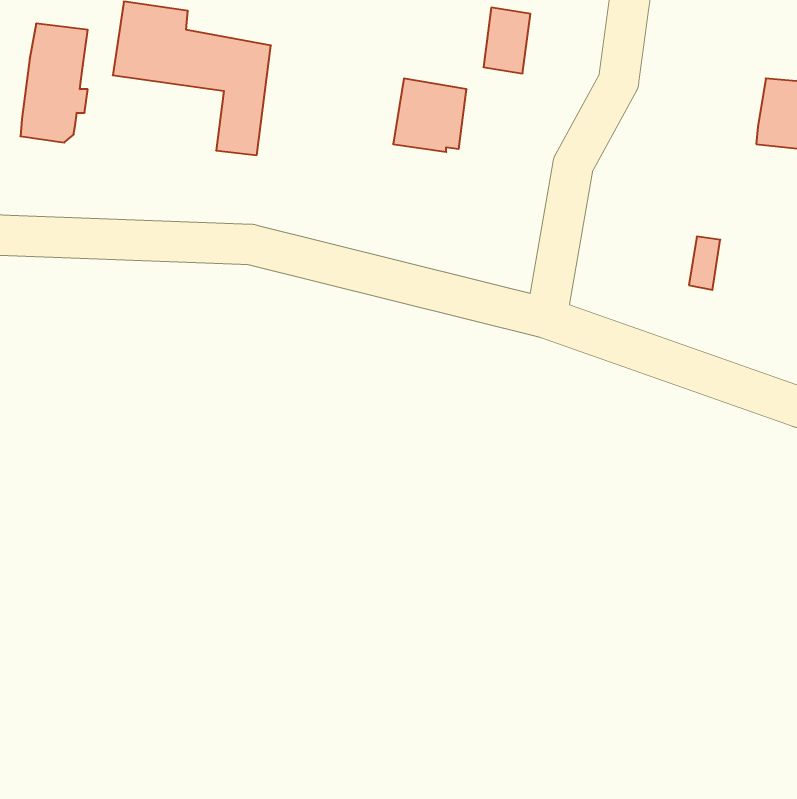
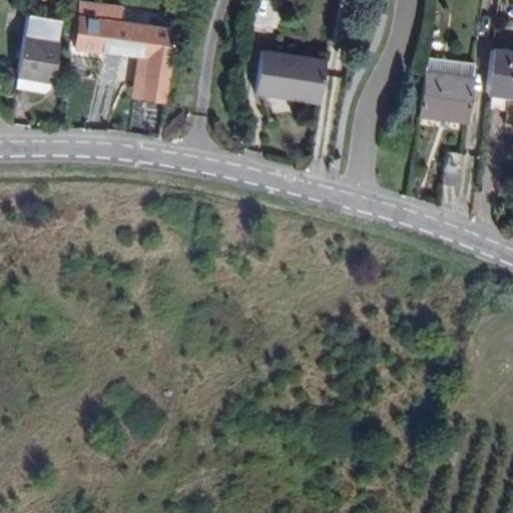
building: [483,8,530,73] -> [296,58,326,100]
building: none -> [419,58,475,129]

